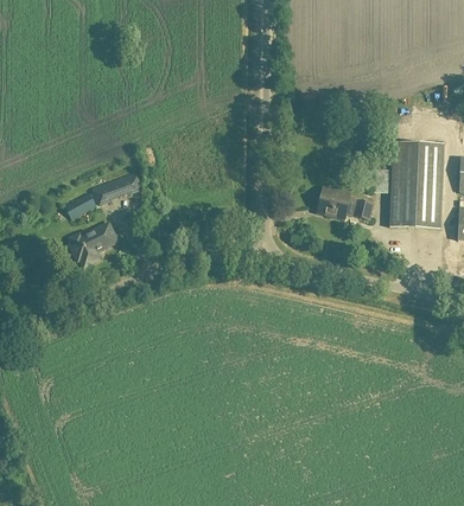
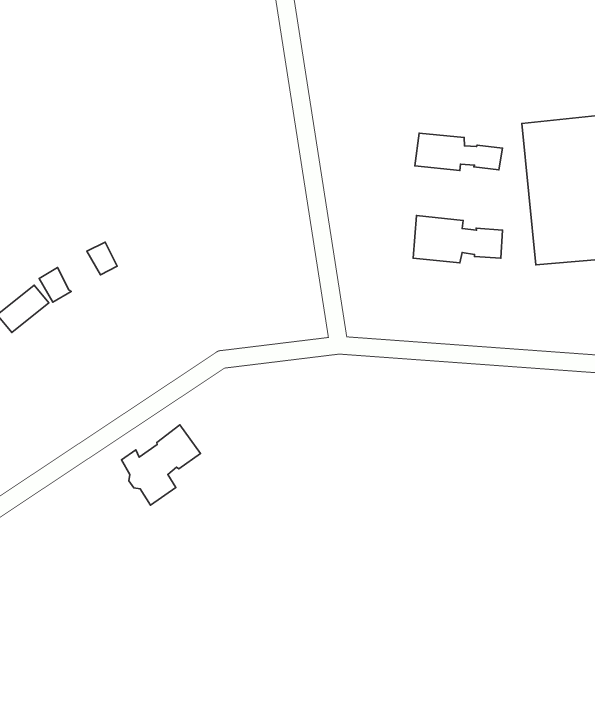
building: none -> [415,133,502,170]
building: [70,222,117,267] -> [122,425,200,505]

